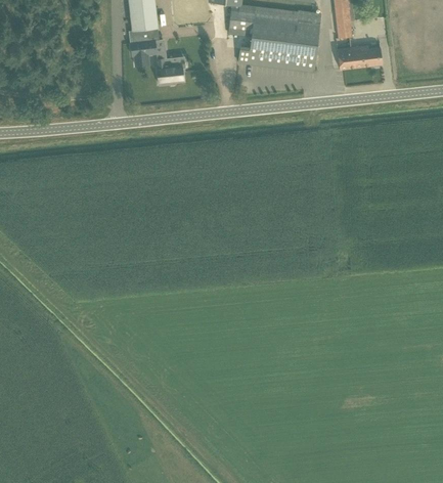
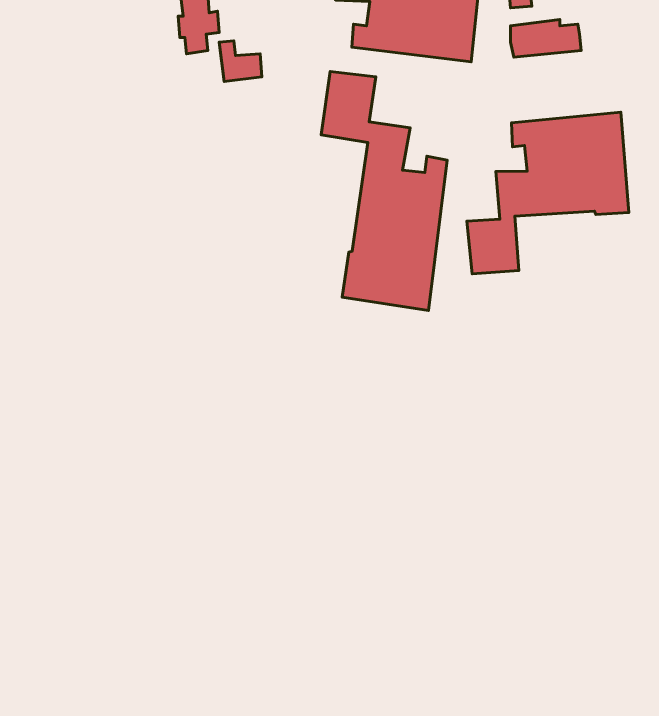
building: none -> [321,72,447,310]
building: none -> [467,112,629,274]

